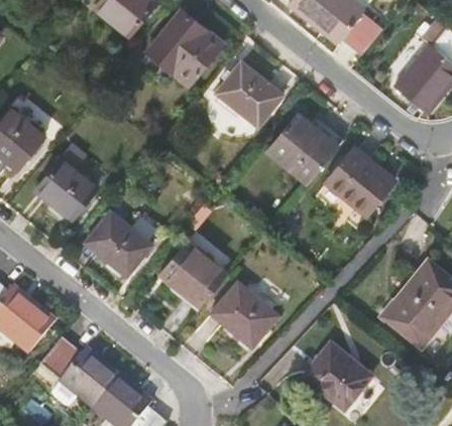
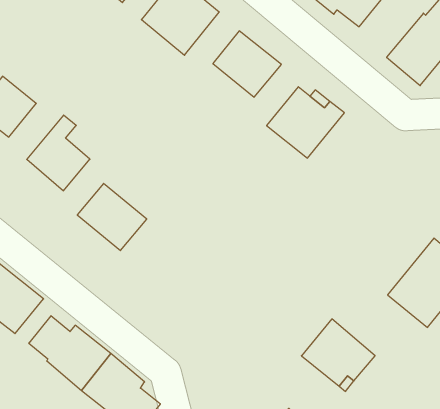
building: [327,151,394,215] -> none
building: [162,240,228,305] -> none
building: [210,280,277,346] -> none

